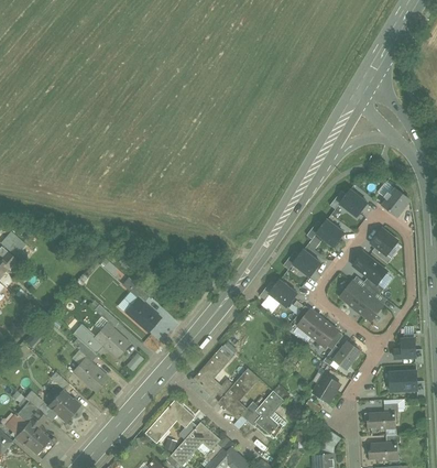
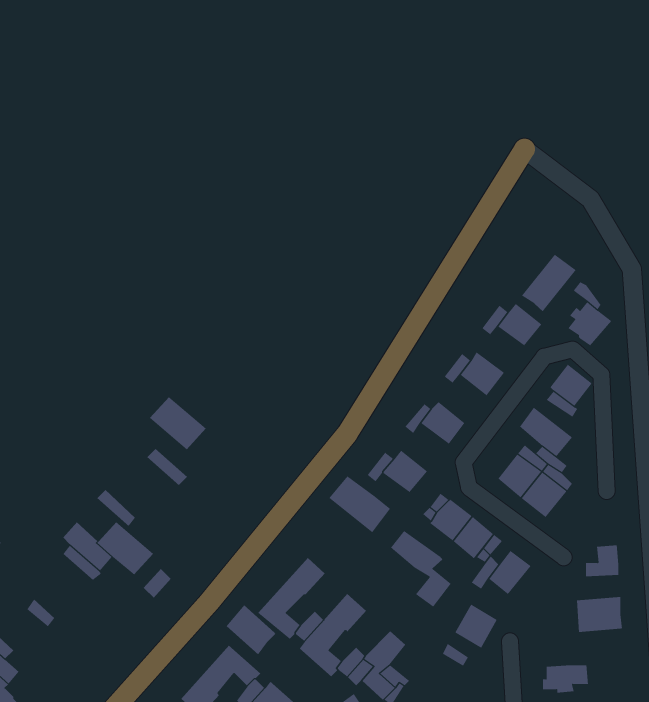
building: none -> [521,254,577,312]
building: none -> [328,476,391,533]
building: [124,298,160,331] -> [149,396,207,450]
building: none -> [390,530,452,607]
building: [72,358,107,391] -> none
building: none -> [226,604,276,655]
building: [46,391,78,421] -> none

